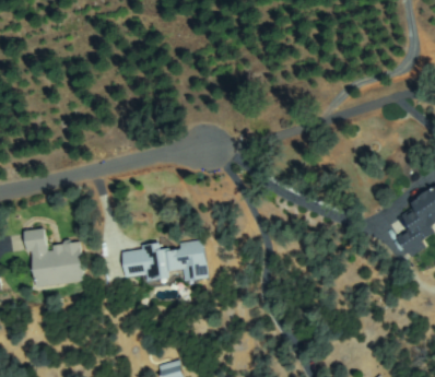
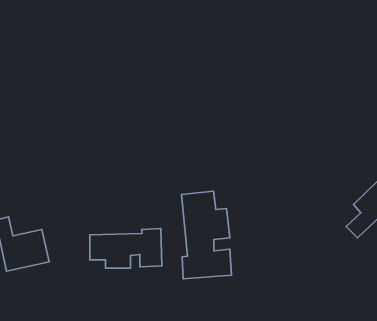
building: none -> [182,191,231,279]

